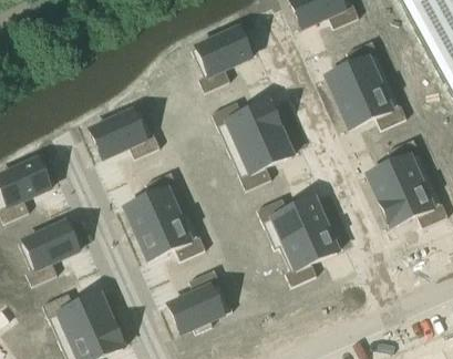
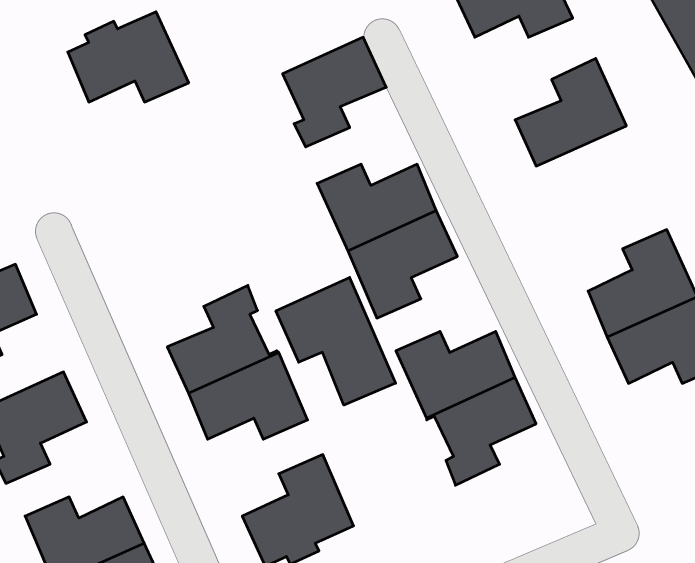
building: [338,79,406,130] -> none
building: [91,105,161,157] -> [68,12,189,102]
building: none -> [276,277,396,405]

